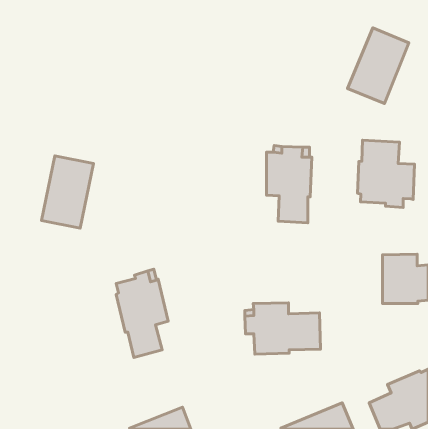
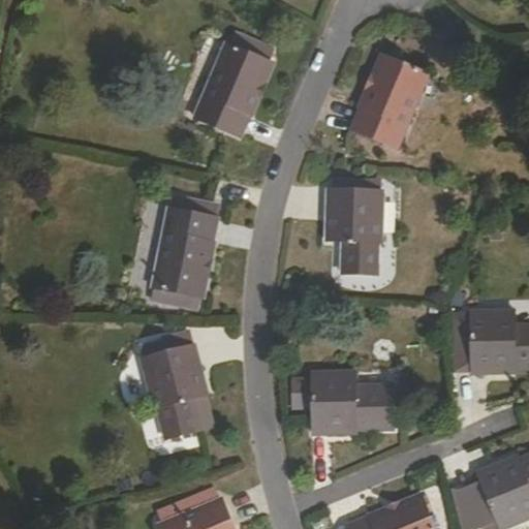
building: [348,28,409,104] -> [351,55,427,148]
building: none -> [194,43,271,136]
building: [357,140,414,208] -> none
building: [41,156,94,228] -> [153,210,217,299]

